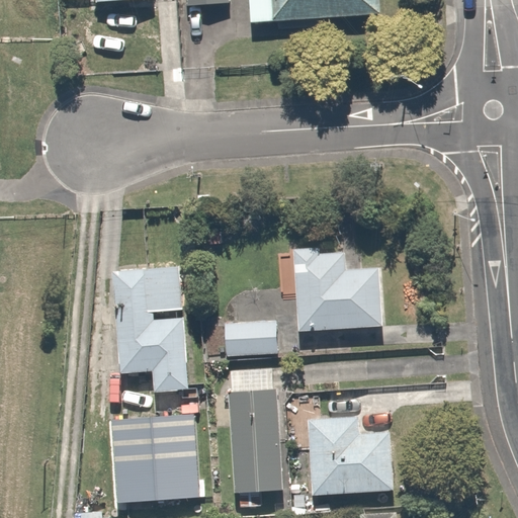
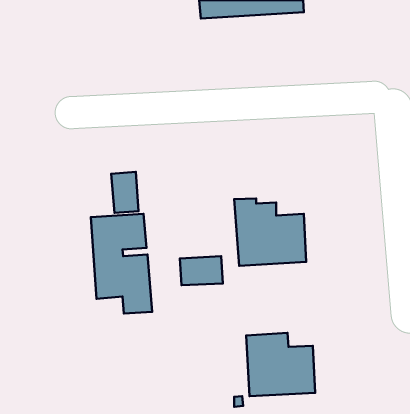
building: none -> [111,172,139,213]
building: [228,367,283,507] -> none
building: [111,414,199,502] -> none

